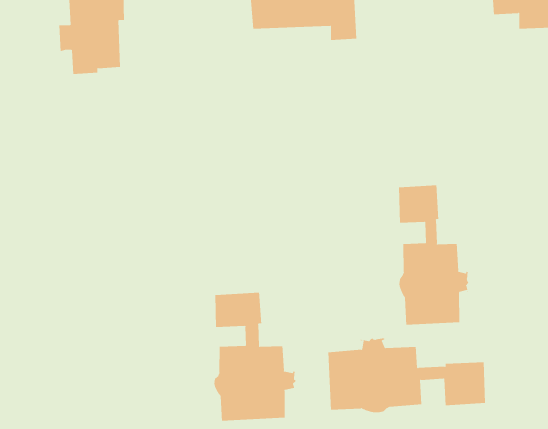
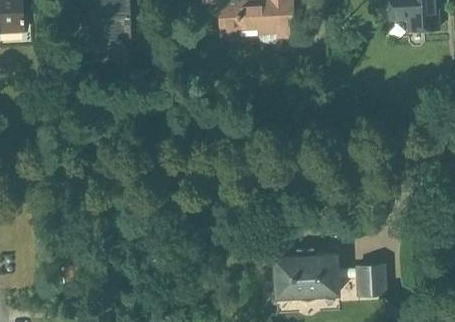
building: [399,184,469,326] -> none
building: [214,292,296,421] -> none

